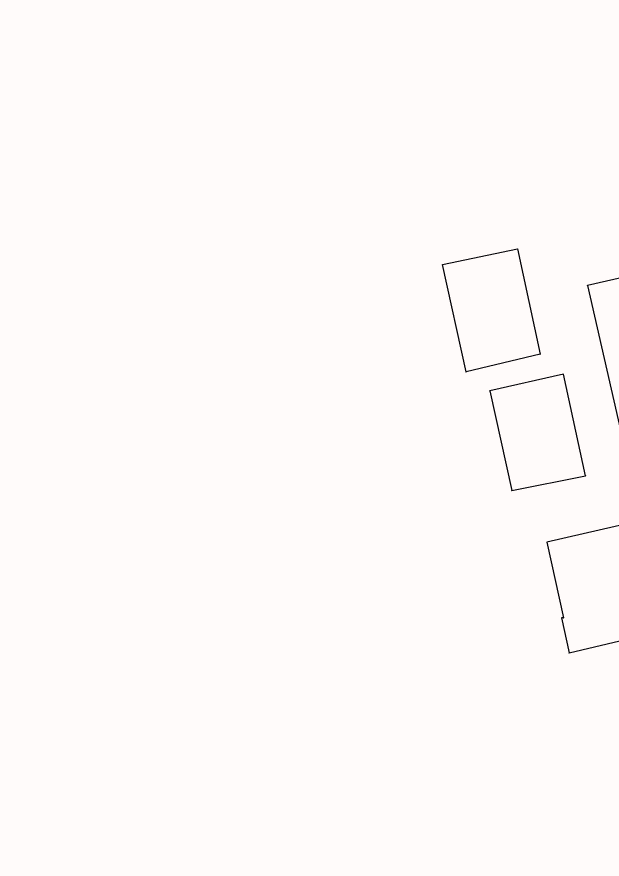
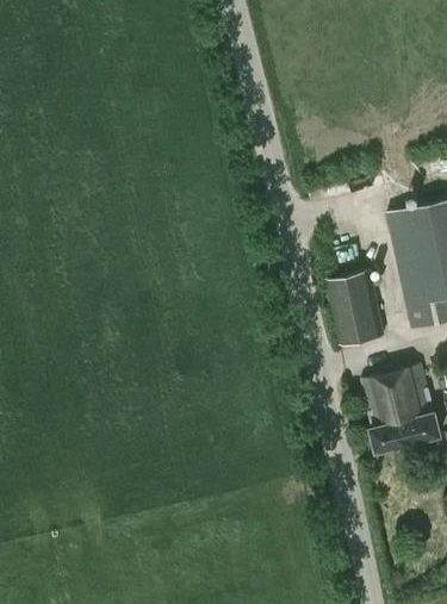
building: [443,249,540,372] -> none

